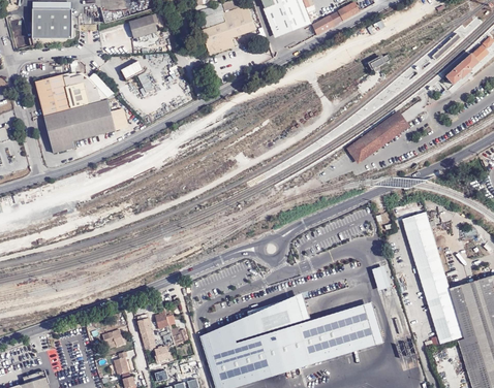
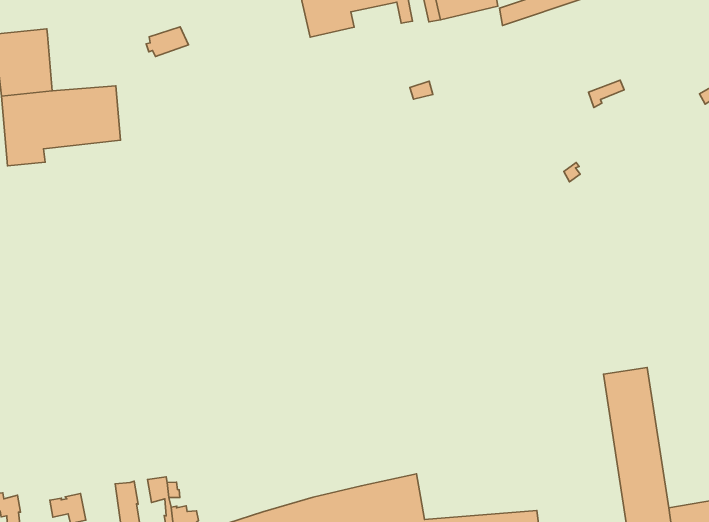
building: [63,73,116,108] -> none
building: [346,110,409,164] -> none

